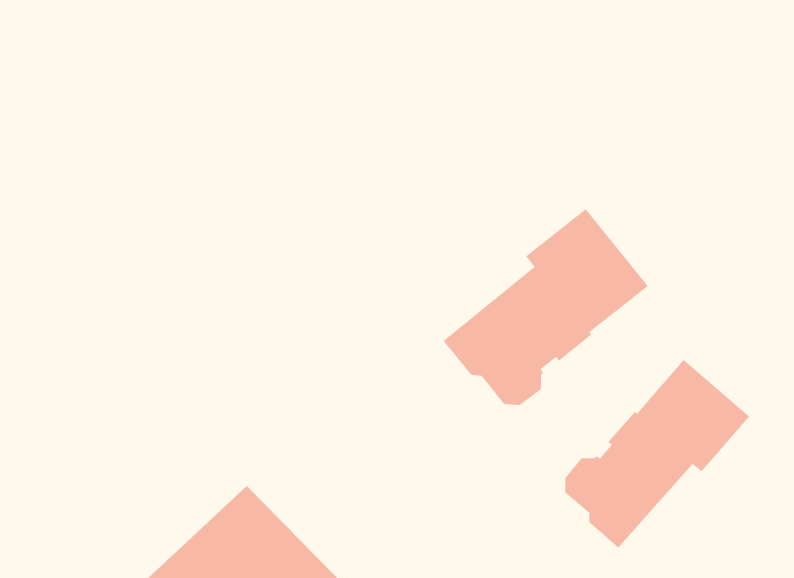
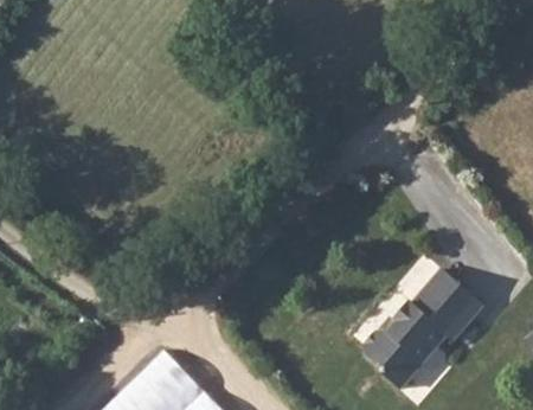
building: [442,208,649,406] -> none

